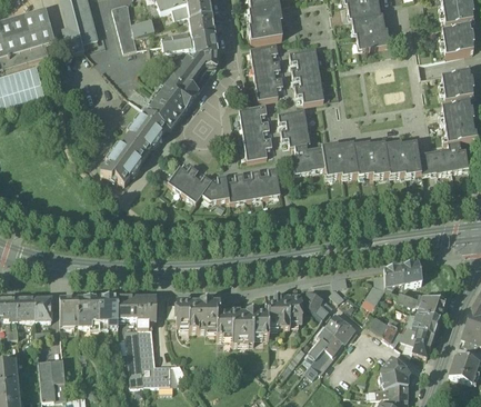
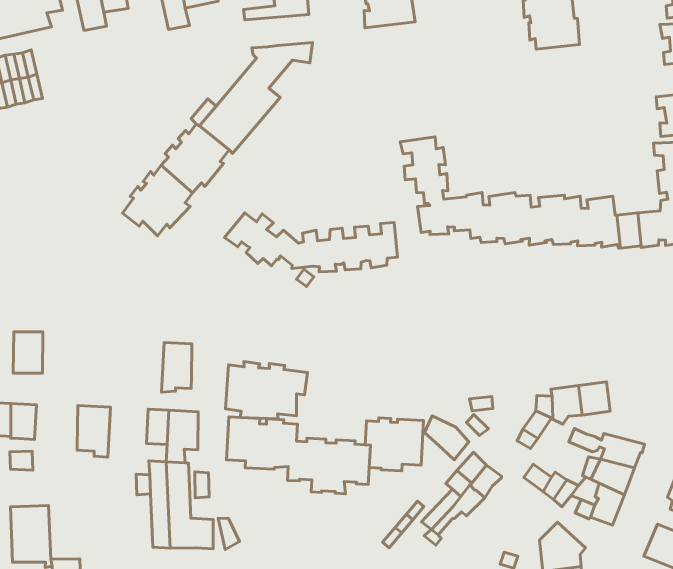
building: [163,36,218,57] -> none
building: [251,44,283,100] -> none
building: [290,50,324,102] -> none
building: [240,106,272,160] -> none
building: none -> [225,362,307,419]
building: [60,296,80,324] -> [13,332,43,373]
building: [100,296,119,328] -> [162,342,192,392]

